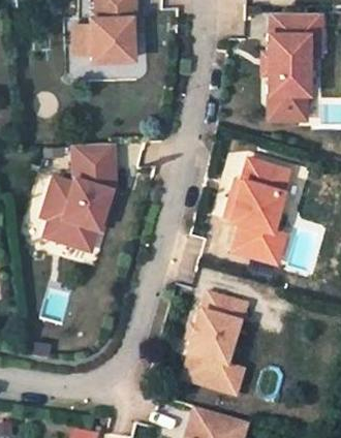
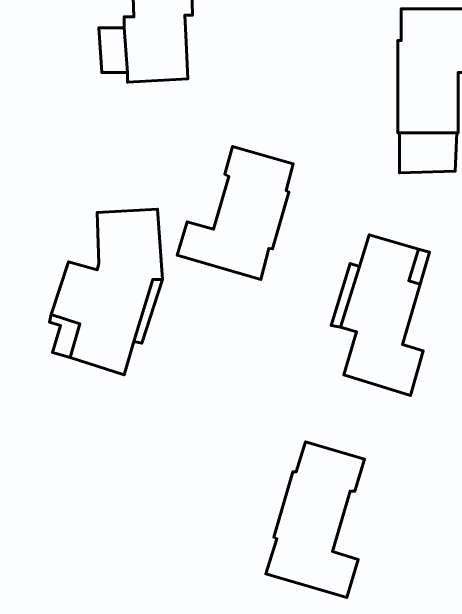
building: none -> [177,146,293,279]

